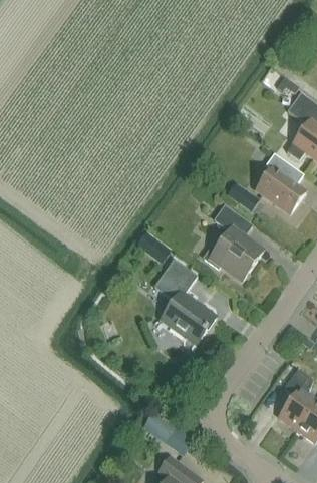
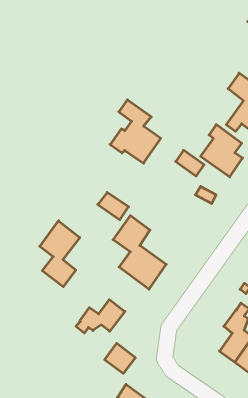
building: [204,204,263,279] -> [110,100,161,163]
building: none -> [40,221,80,287]
building: none -> [76,300,125,333]

